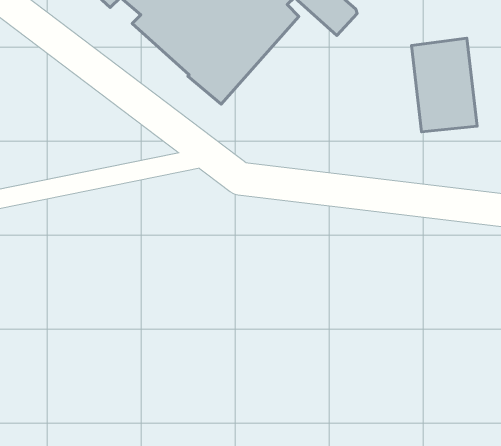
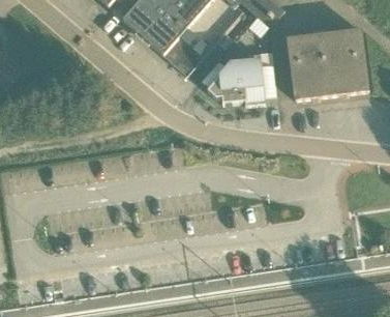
building: none -> [287,33,328,98]
building: none -> [200,51,275,105]

